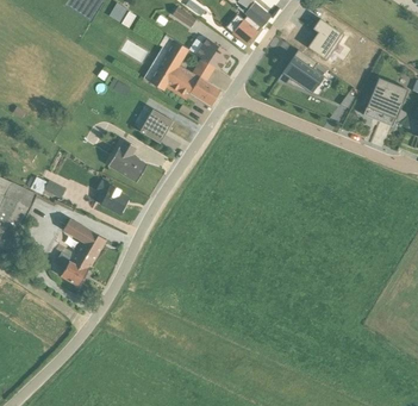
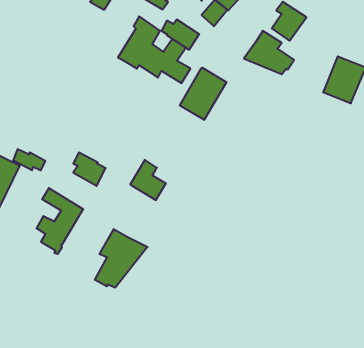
building: none -> [180,68,226,120]
building: [139,108,173,142] -> none
building: [108,138,146,181] -> [130,160,166,200]
building: none -> [95,229,148,288]

